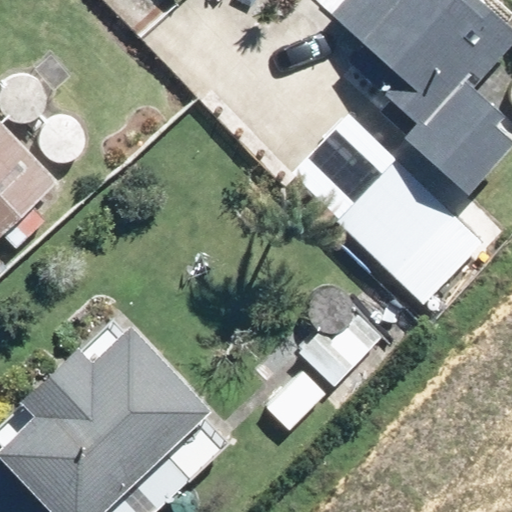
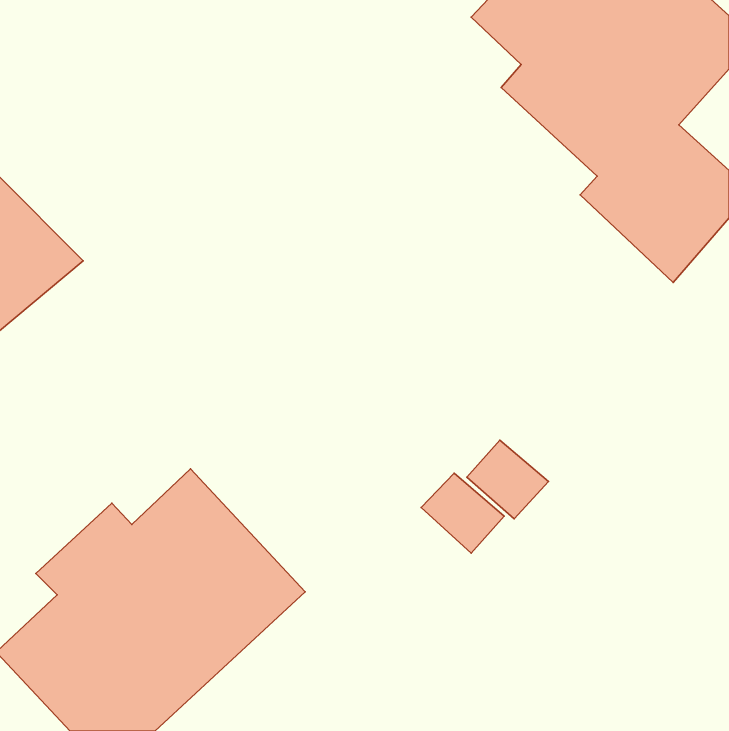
building: [331,154,483,305] -> none

